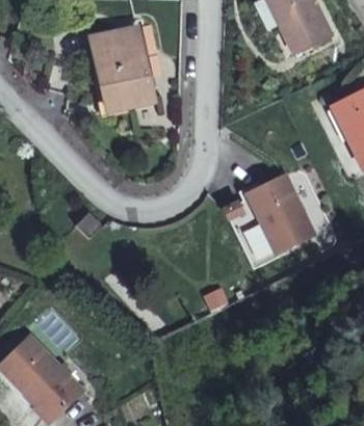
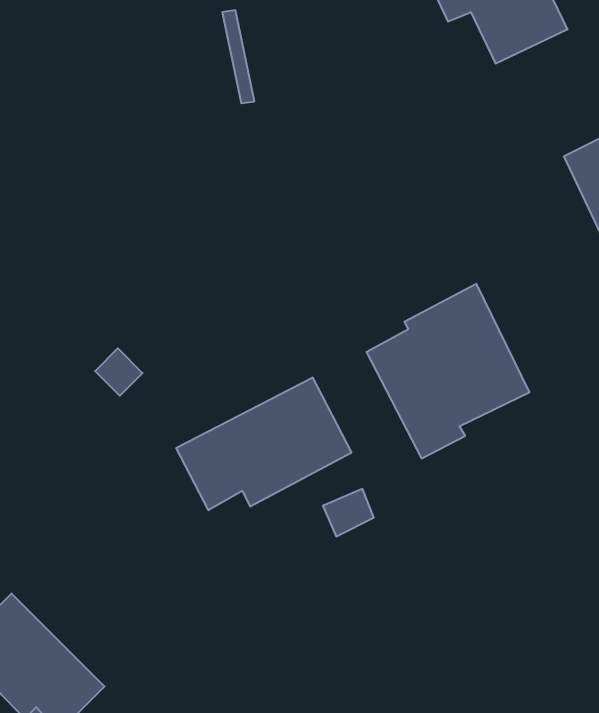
building: [94,26,155,110] -> none
building: none -> [176,377,351,510]

